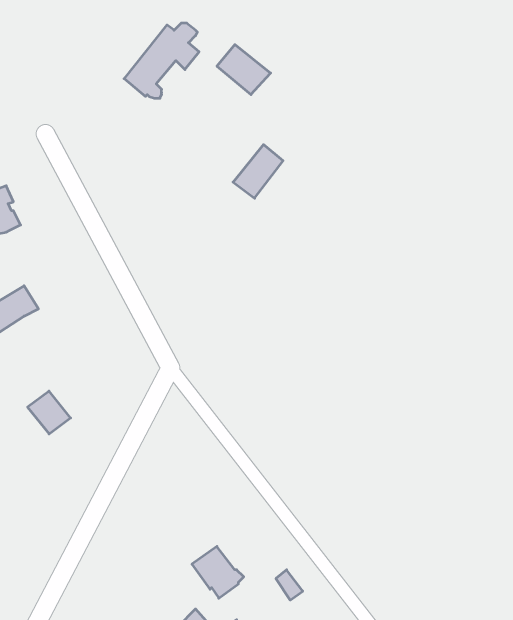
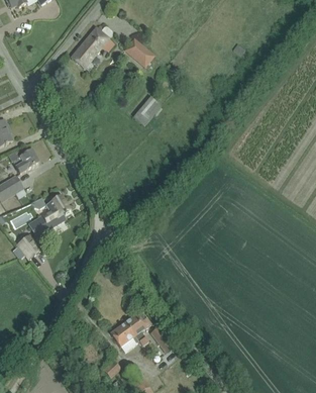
building: none -> [7,149,38,173]
building: none -> [27,195,69,236]
building: none -> [123,313,150,346]

